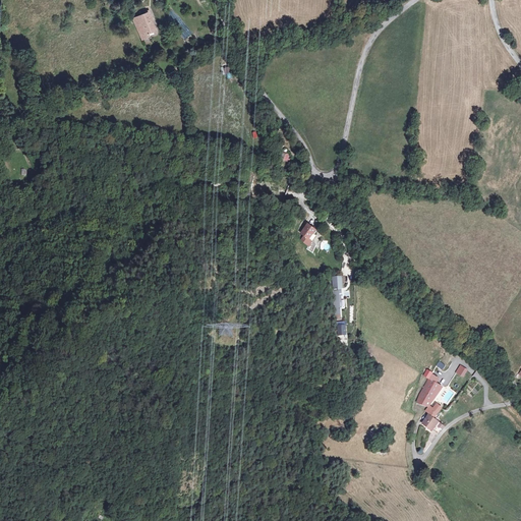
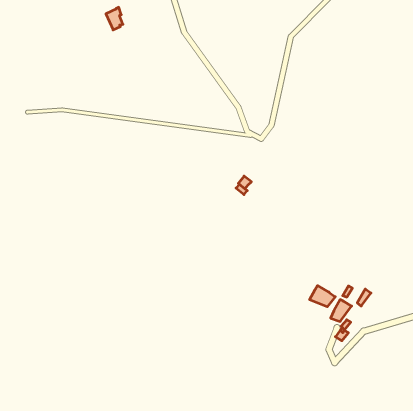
building: none -> [310,286,335,307]

